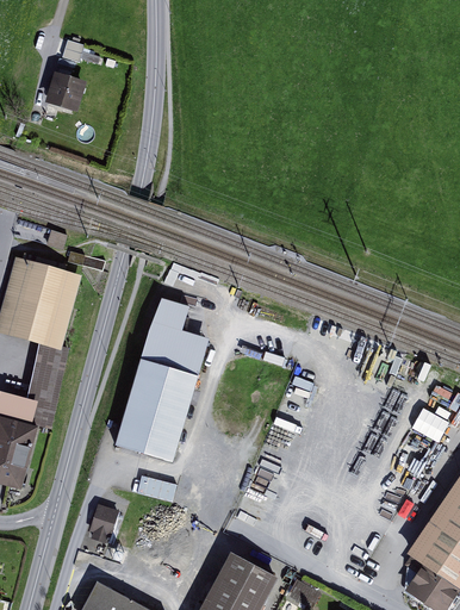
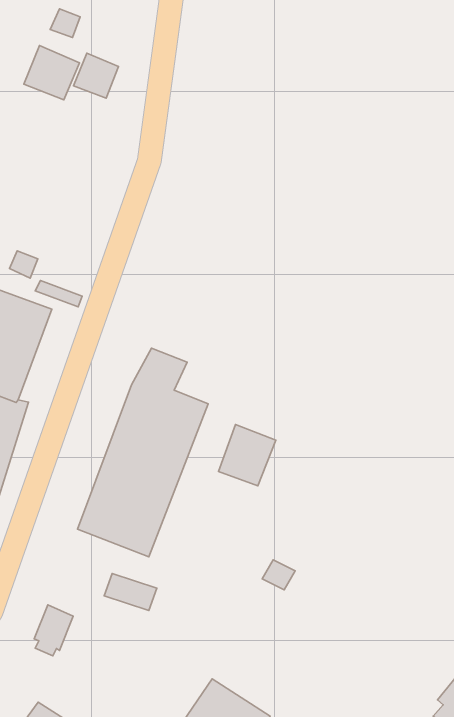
building: none -> [74,53,119,98]
building: none -> [218,425,276,486]

